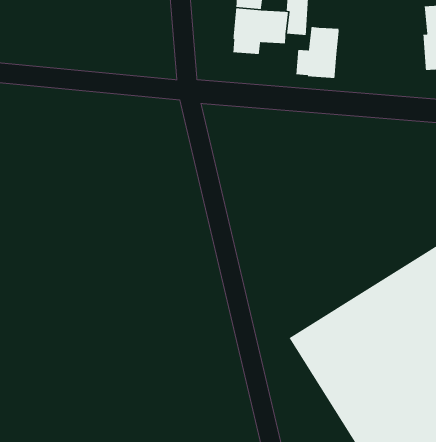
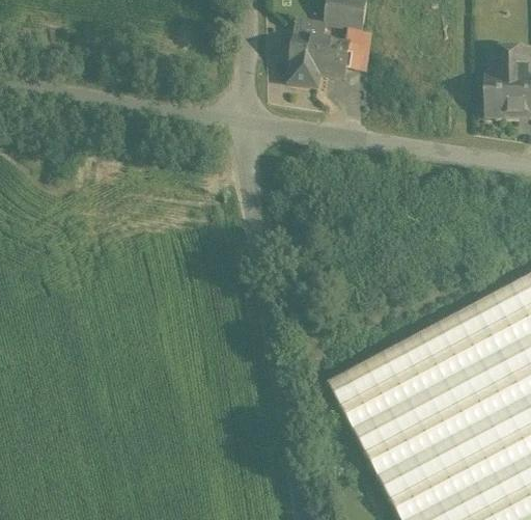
building: [296,26,339,79] -> none

